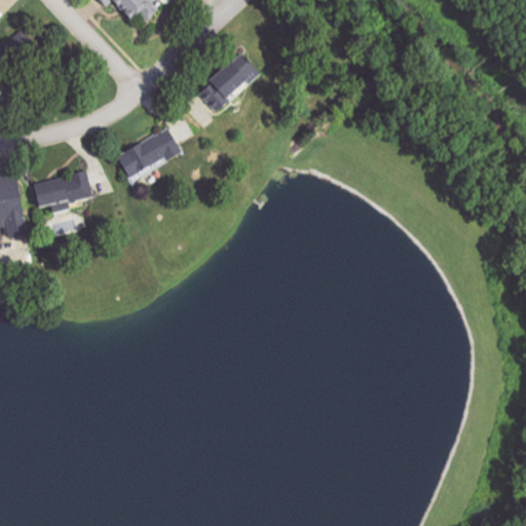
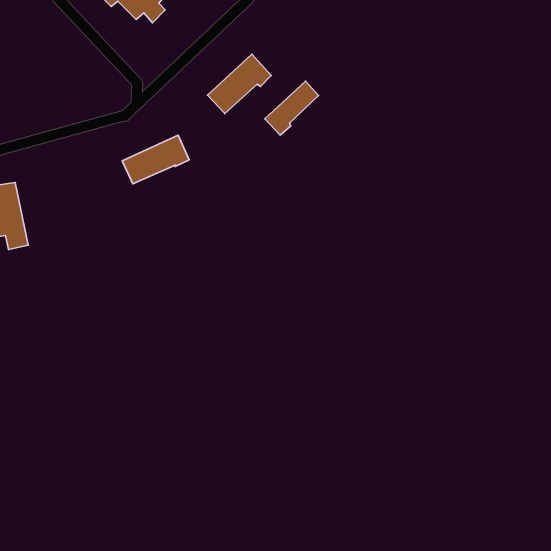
building: none -> [265,81,319,135]
building: [32,170,93,209] -> none

